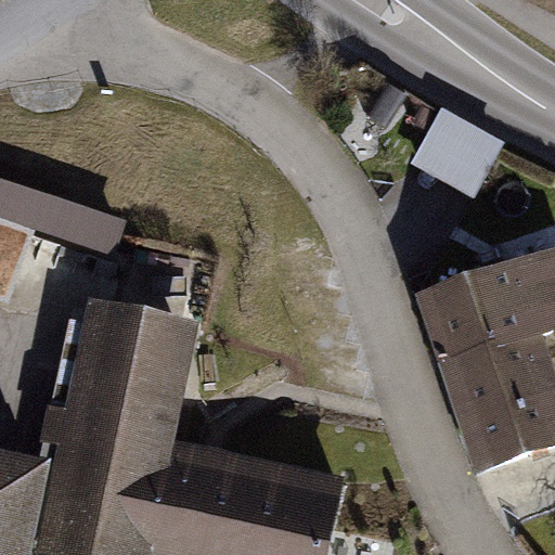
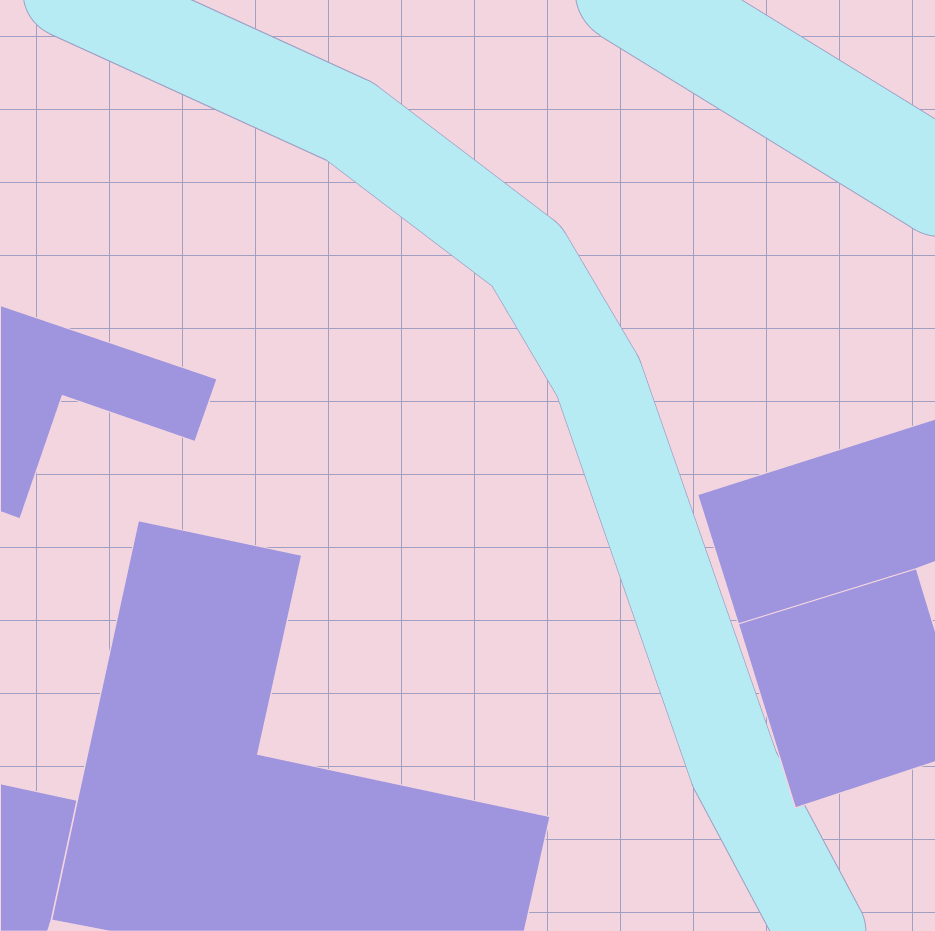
building: [417,109,511,198] -> none

